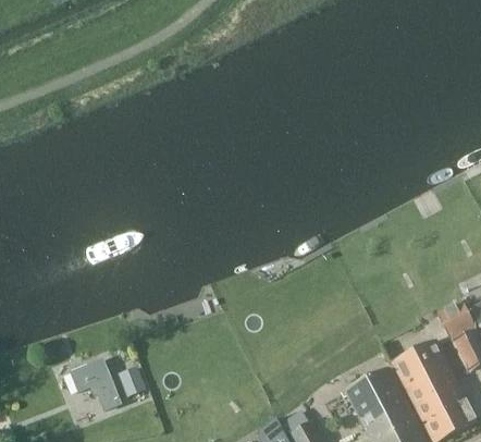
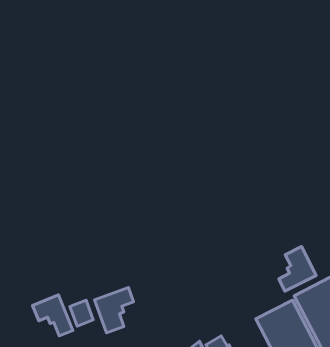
building: none -> [279,247,316,291]
building: none -> [94,288,134,333]

